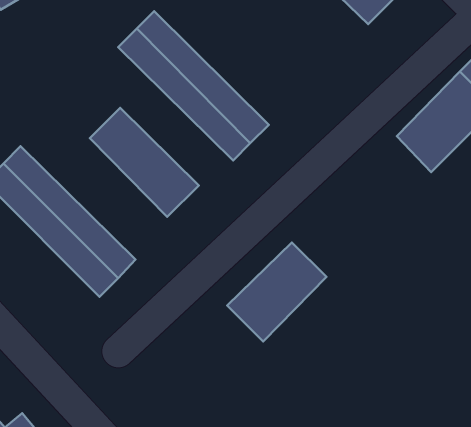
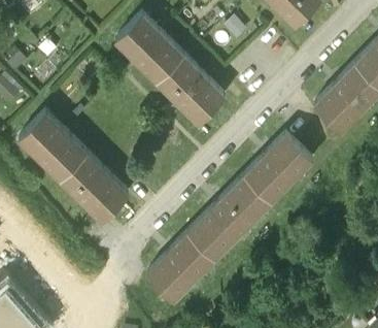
building: [90,108,199,217] -> none
building: none -> [239,135,310,206]
building: none -> [147,227,218,299]

